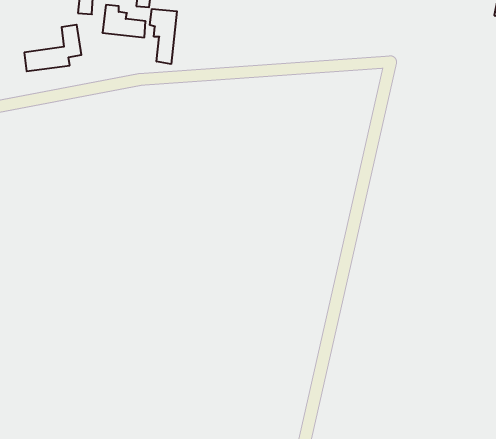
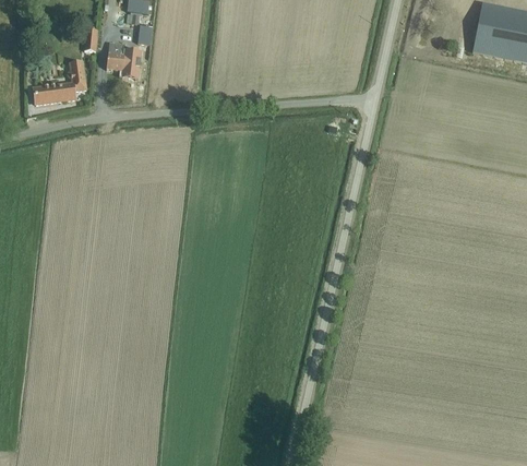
building: [150,9,177,64] -> none

